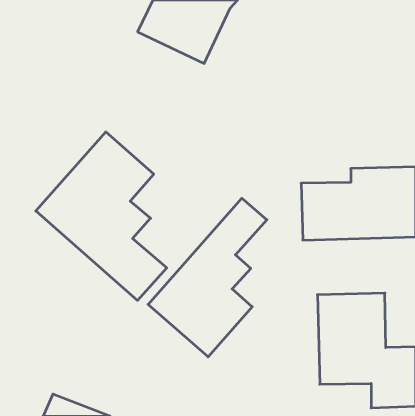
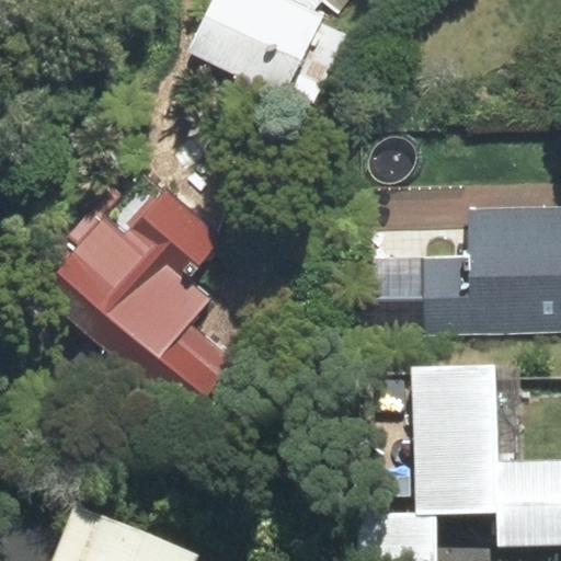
building: [148,198,267,357] -> none

